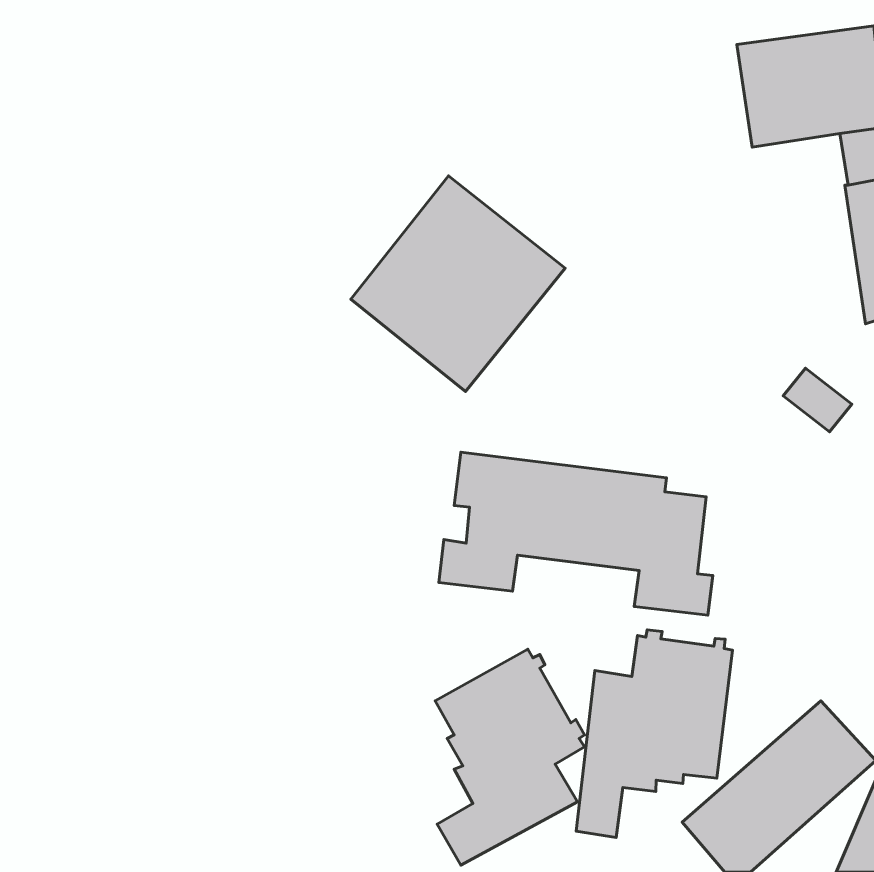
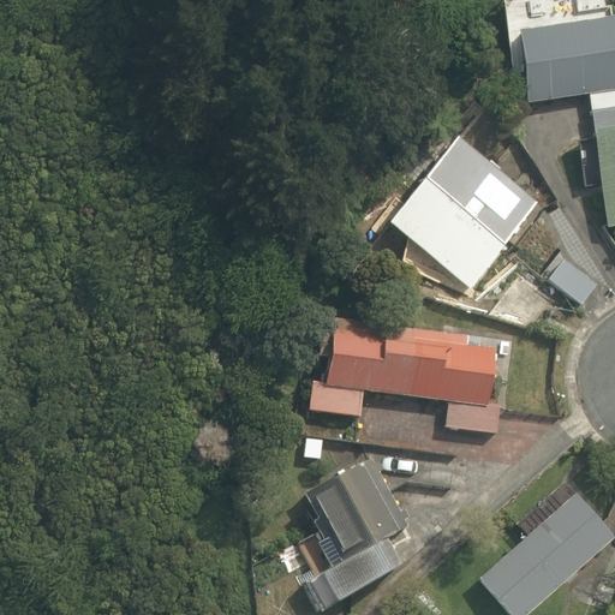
building: [351,176,565,392] -> [388,137,538,288]
building: [576,630,733,838] -> none

